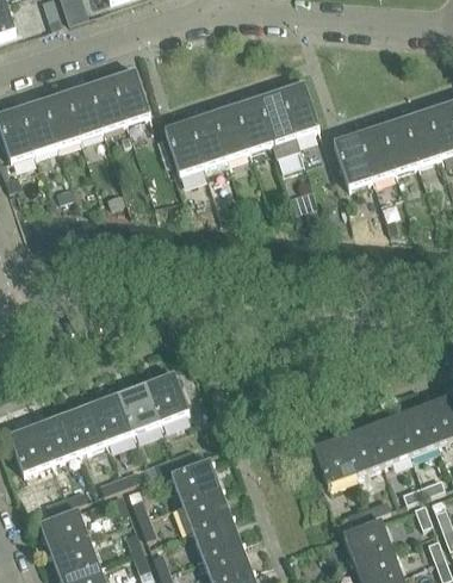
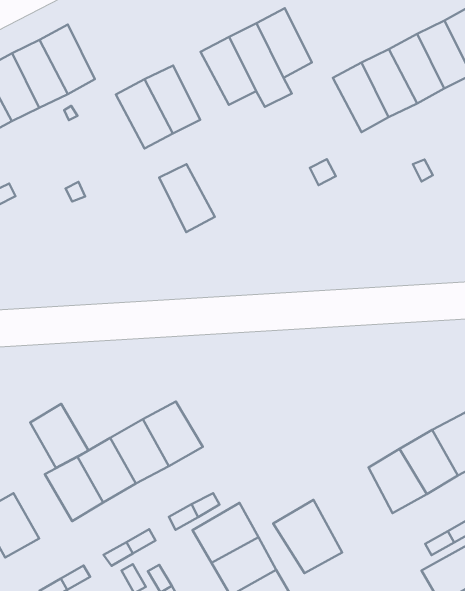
building: [211,105,249,157] -> [159,164,215,232]
building: [37,413,79,461] -> [30,404,89,468]
building: none -> [273,500,342,573]

